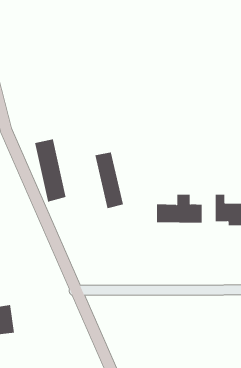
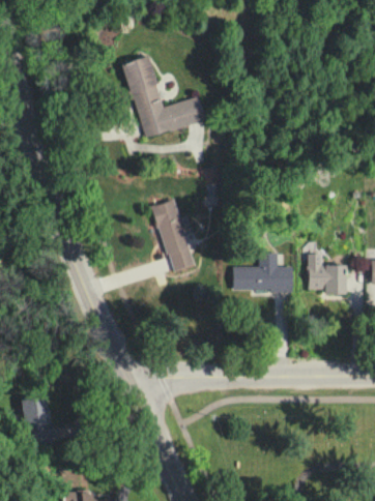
building: none -> [123,56,204,137]
building: [34,139,66,202] -> none

